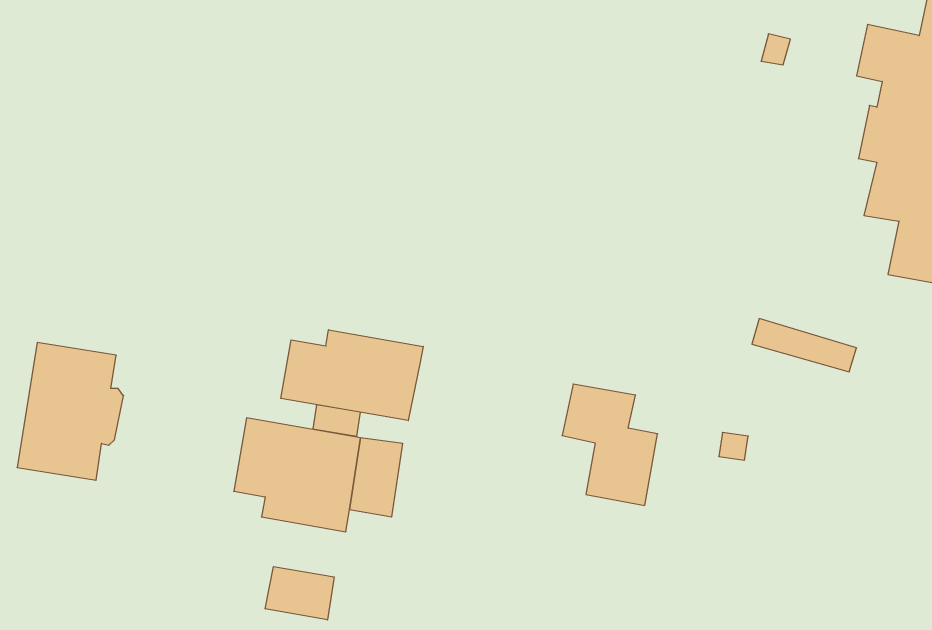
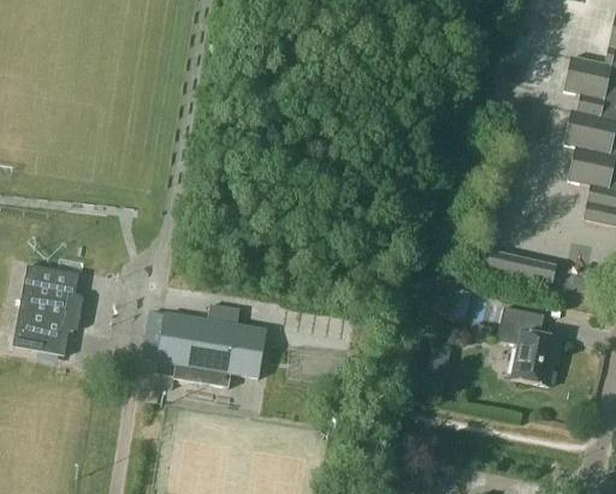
building: [281,330,423,421] -> none
building: [562,384,658,505] -> [497,306,559,386]
building: [265,567,334,620] -> none

